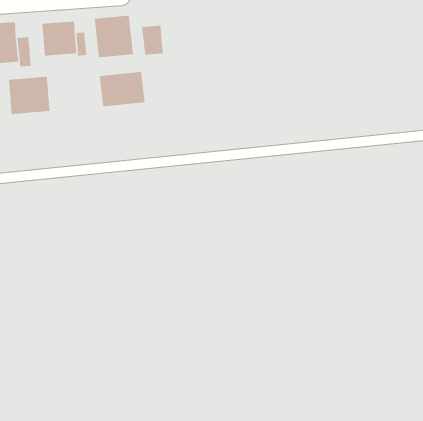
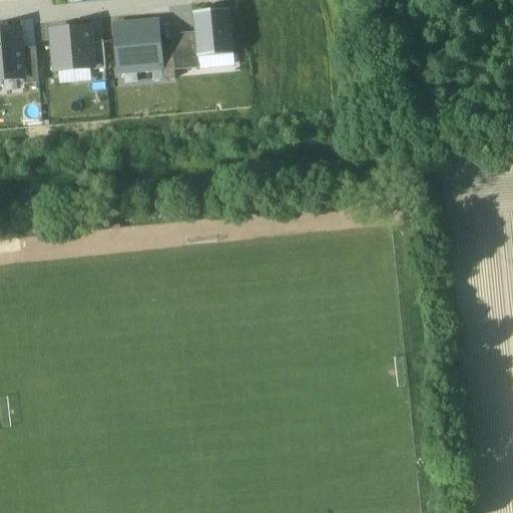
building: none -> [192,6,232,55]
building: [99,71,146,107] -> none
building: [8,76,50,115] -> none

